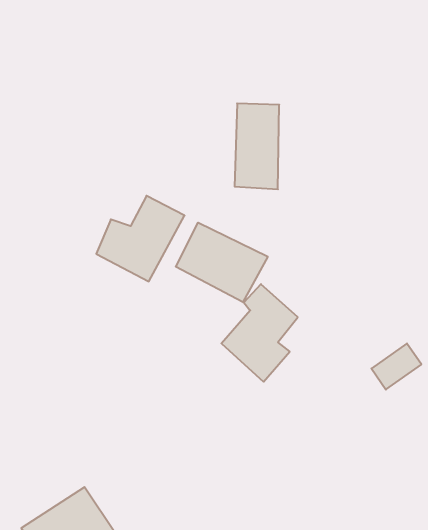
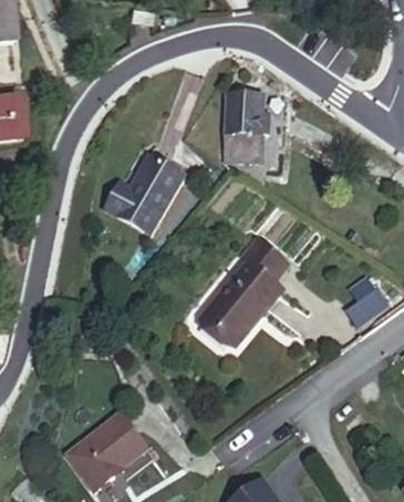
building: [176,223,268,302] -> none
building: none -> [197,293,255,349]

